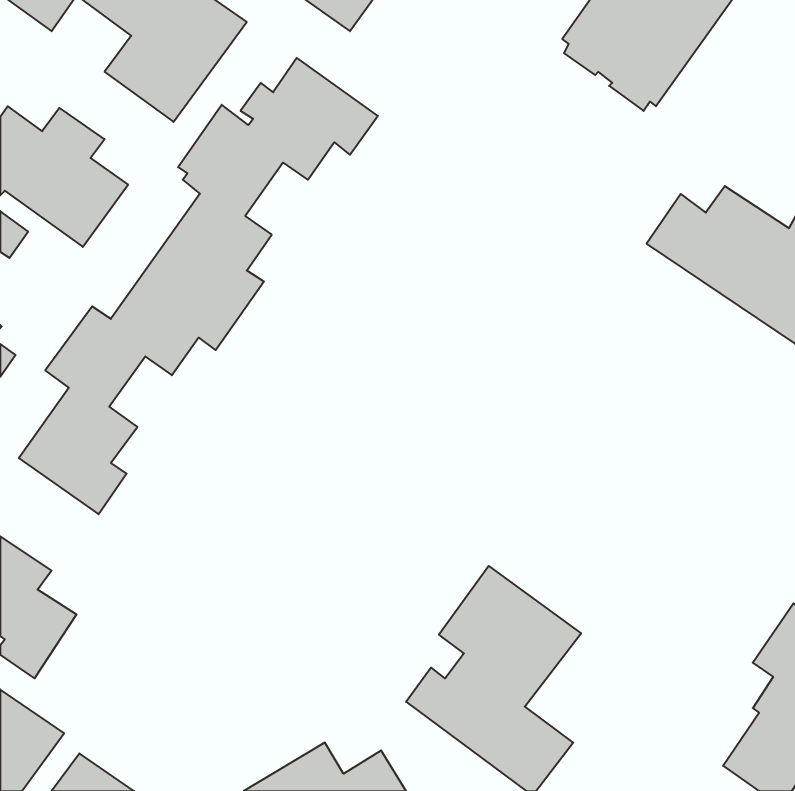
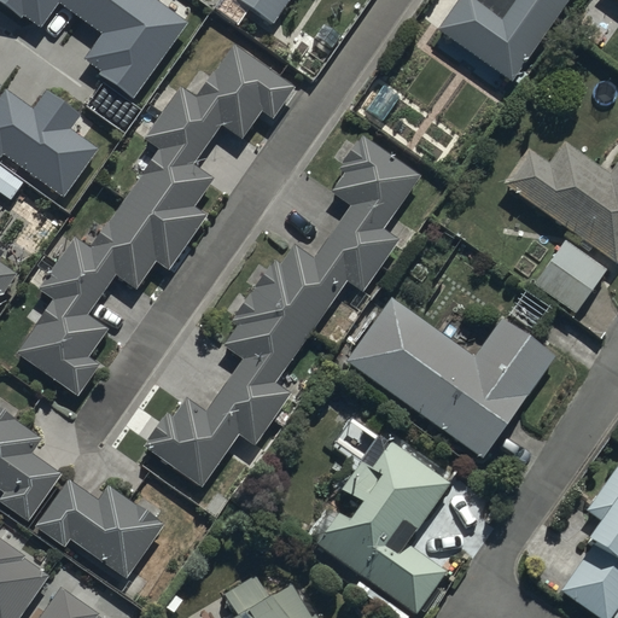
building: none -> [144,135,420,488]
building: none -> [532,239,612,316]
building: none -> [345,298,553,460]
building: none -> [34,479,164,578]

